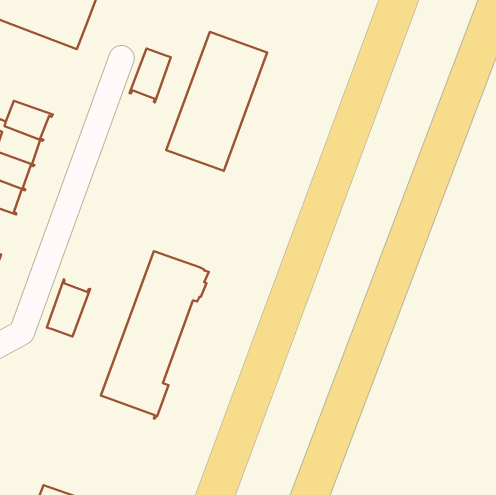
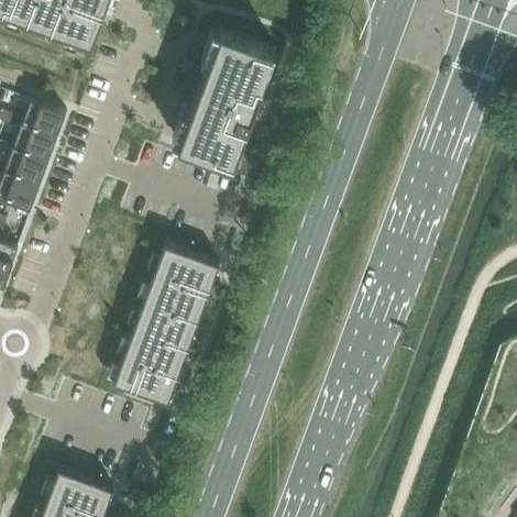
building: [130,49,171,103] -> none
building: [47,279,90,336] -> none

